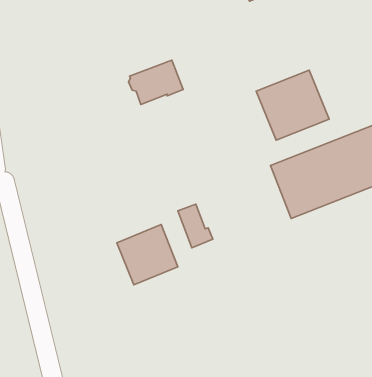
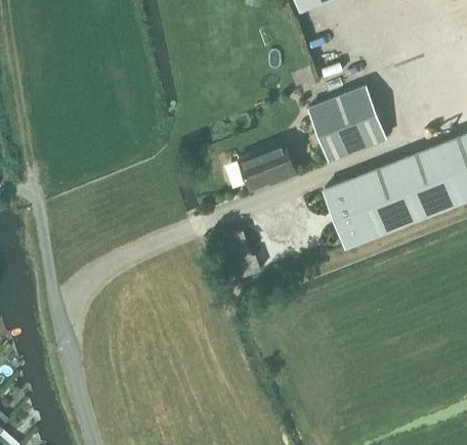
building: [128,60,183,104] -> [238,142,297,190]
building: [117,225,178,285] -> none

